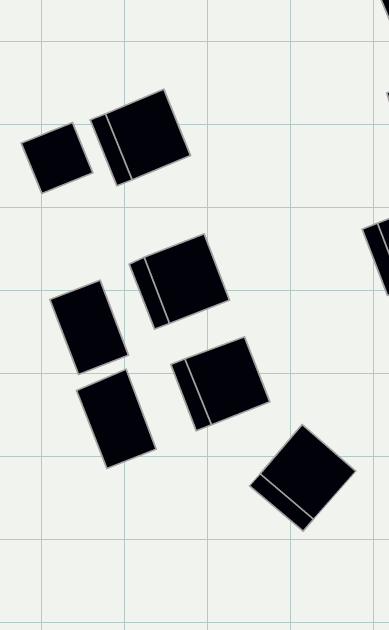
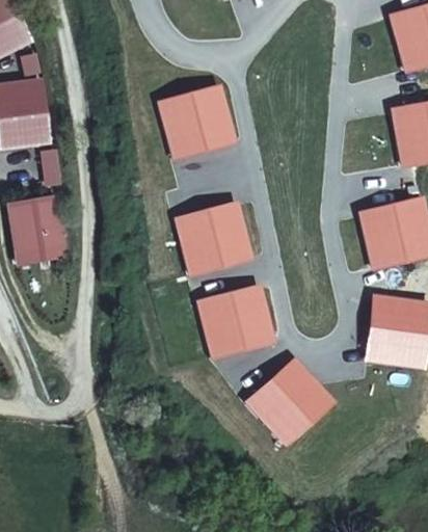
building: [21,123,93,193] -> none
building: [50,280,129,374] -> none
building: [76,369,156,468] -> none

